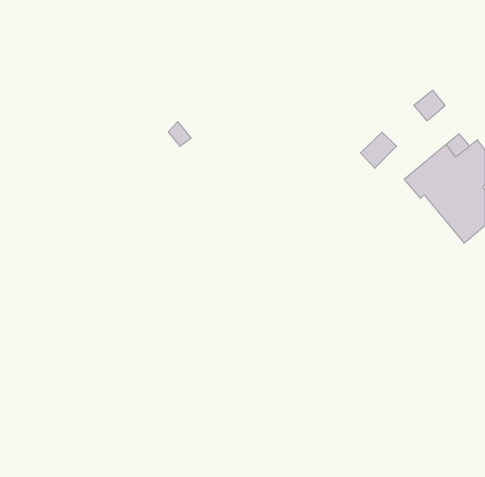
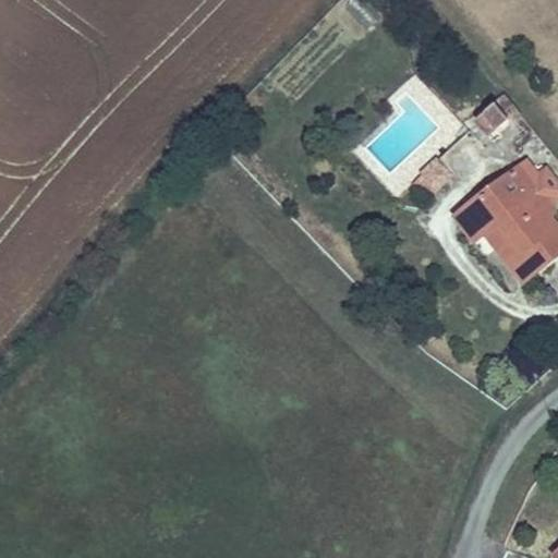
building: none -> [452,206,532,286]

